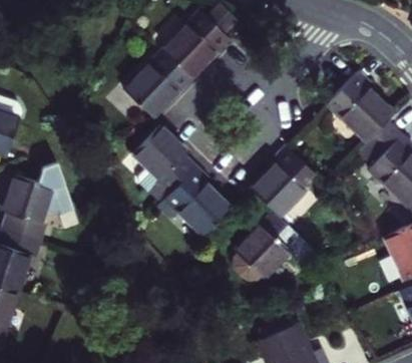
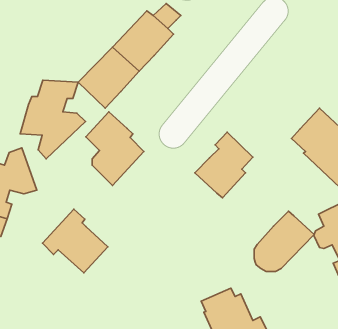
building: [328,70,390,142] -> none
building: none -> [20,80,85,159]
building: [159,166,231,236] -> [42,209,108,273]
building: [236,212,301,277] -> [254,211,314,271]

